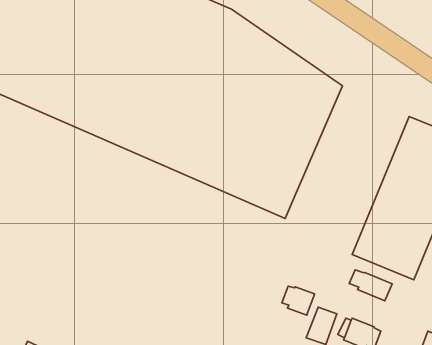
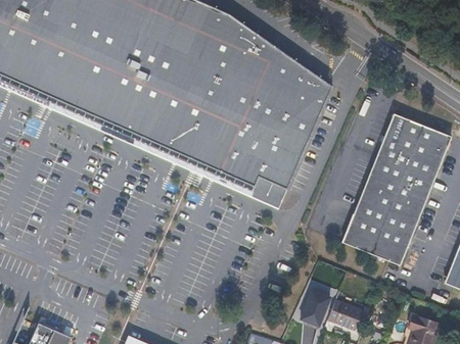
building: [349,270,392,301] -> none
building: [282,286,314,315] -> none

